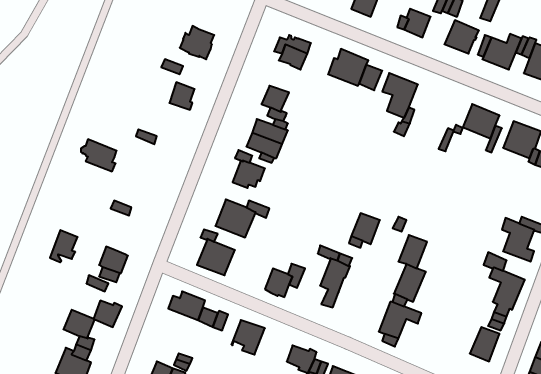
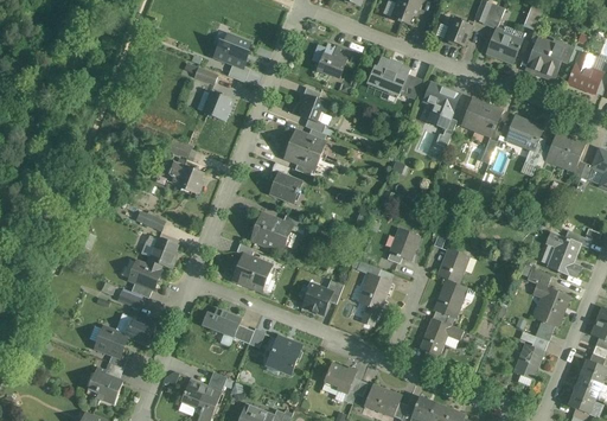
building: none -> [464,98,501,135]
building: [81,139,117,171] -> [165,160,202,193]
building: [50,230,78,262] -> [147,236,175,269]

